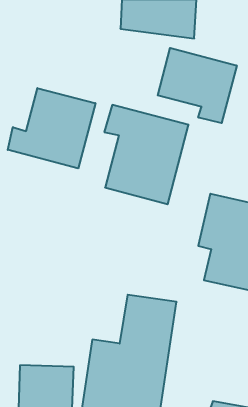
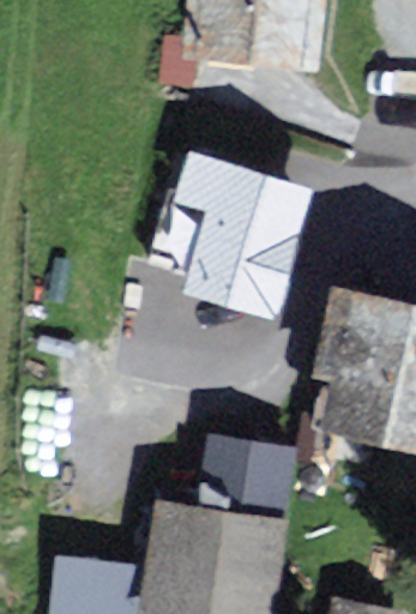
building: [158,48,237,123] -> none
building: [8,88,95,168] -> none

